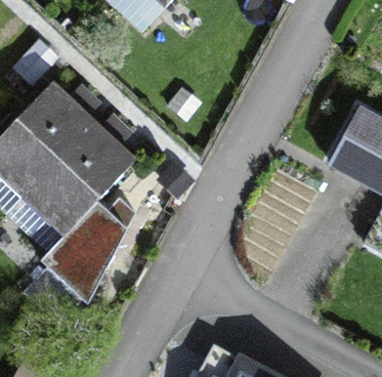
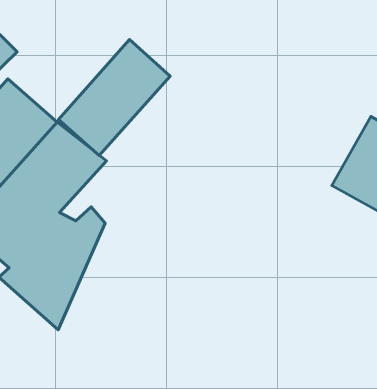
building: none -> [59,40,170,155]

